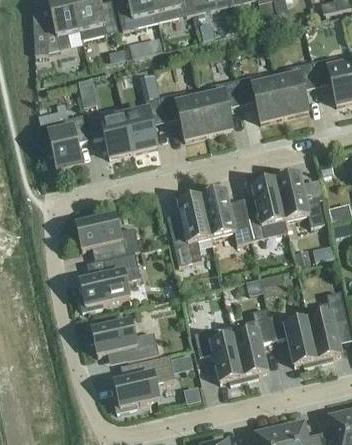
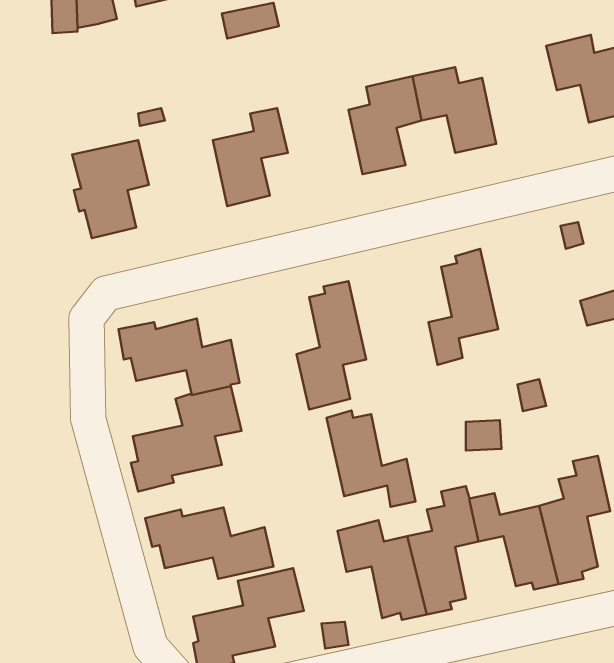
building: [276,61,318,116] -> none
building: [161,90,209,139] -> none
building: [87,110,133,156] -> none
building: [275,172,325,226] -> none
building: [201,189,251,243] -> [326,411,416,507]

